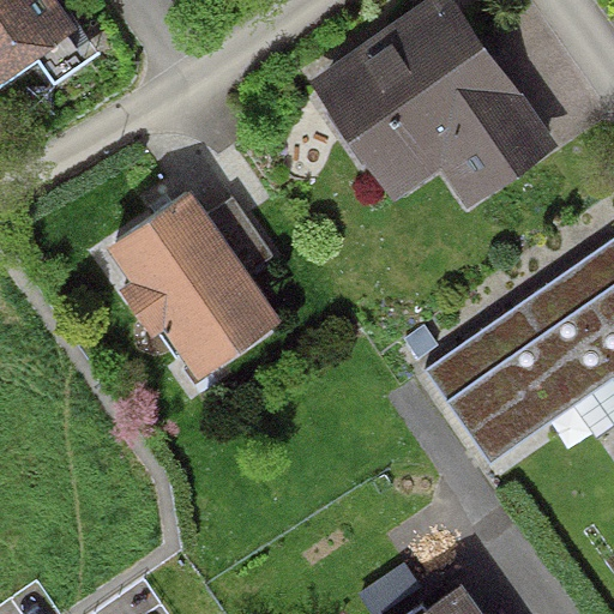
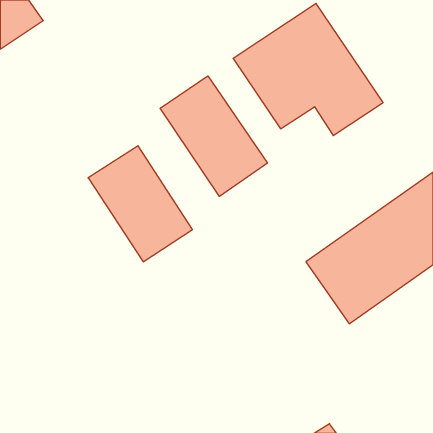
building: none -> [160,76,267,196]

